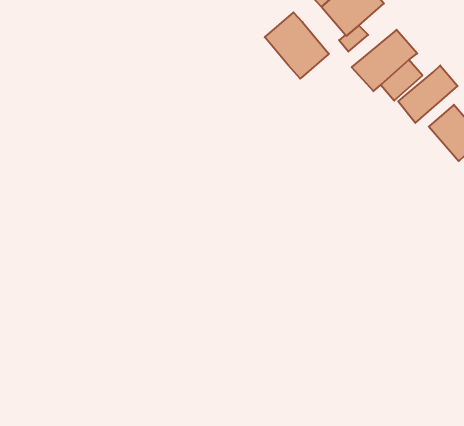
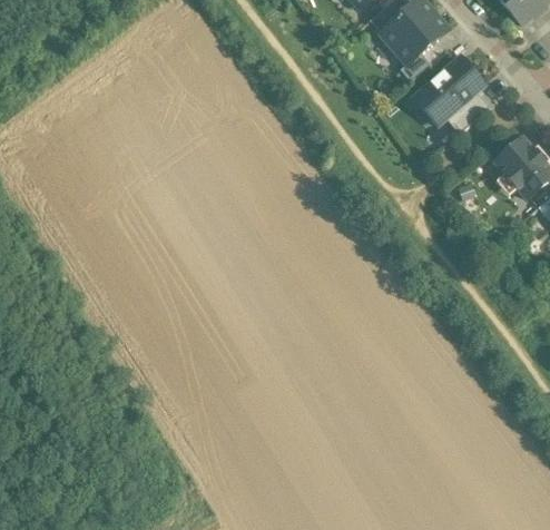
building: [265,12,329,79] -> none
building: [398,65,458,123] -> none

